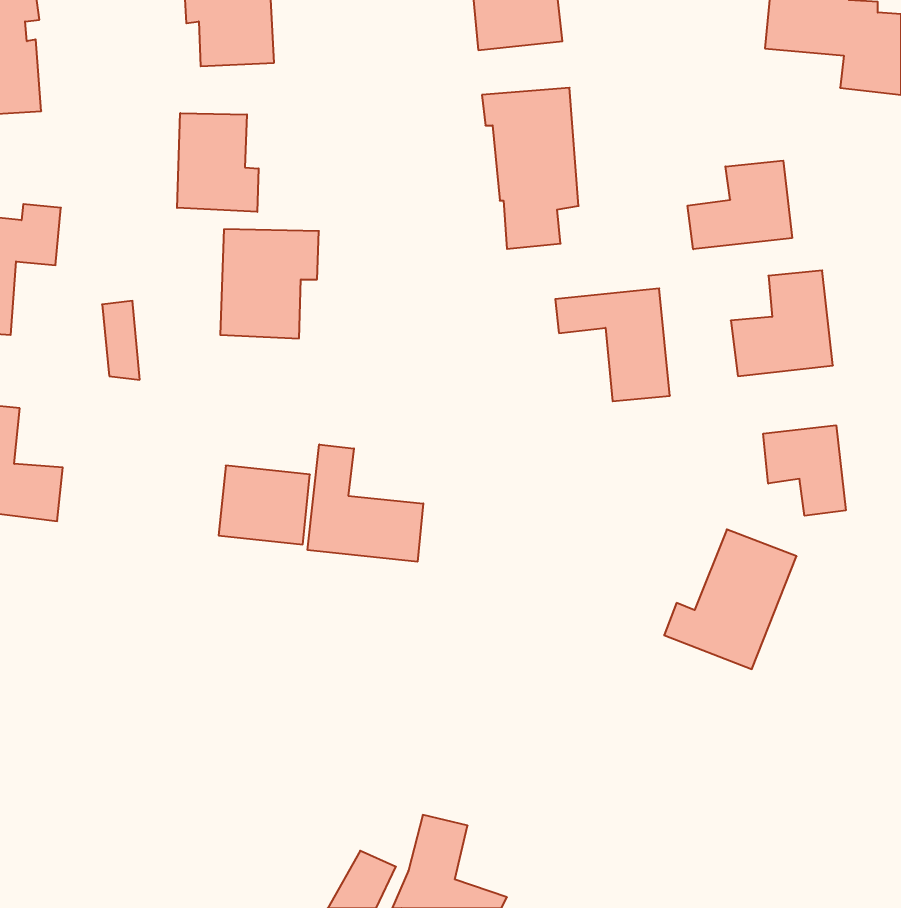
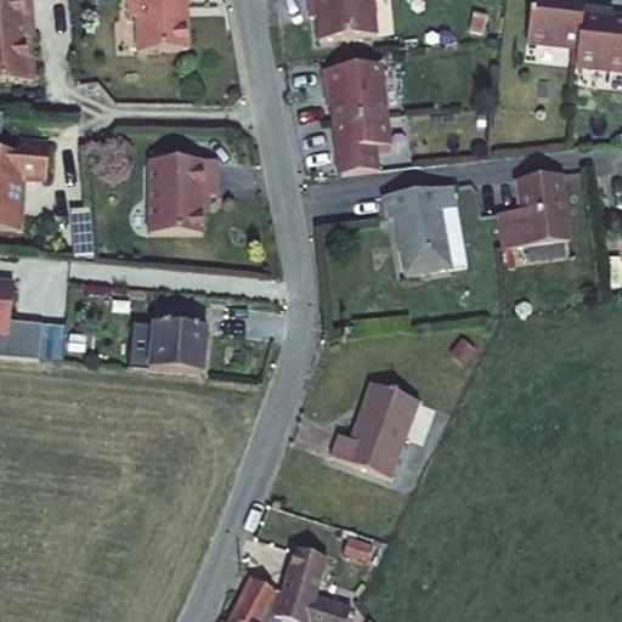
building: [177,113,259,212] -> none
building: [688,161,792,249] -> none
building: [763,425,846,516] -> none
building: [308,444,423,562] -> none
building: [664,529,797,669] -> [330,381,420,476]

